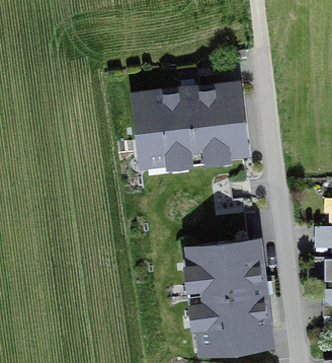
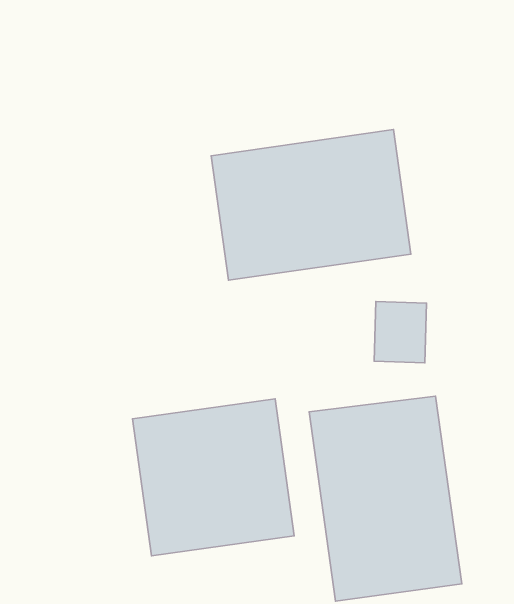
building: none -> [133,399,294,556]

